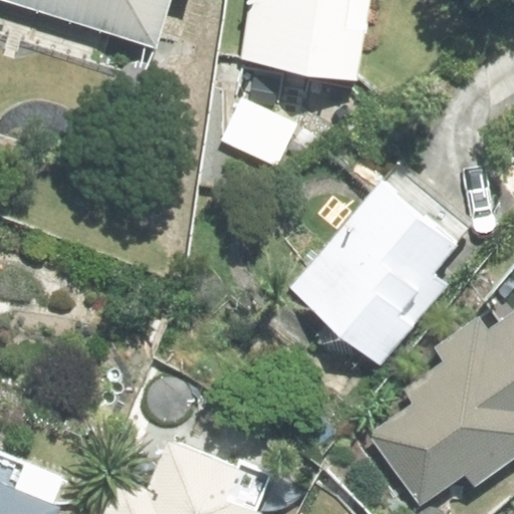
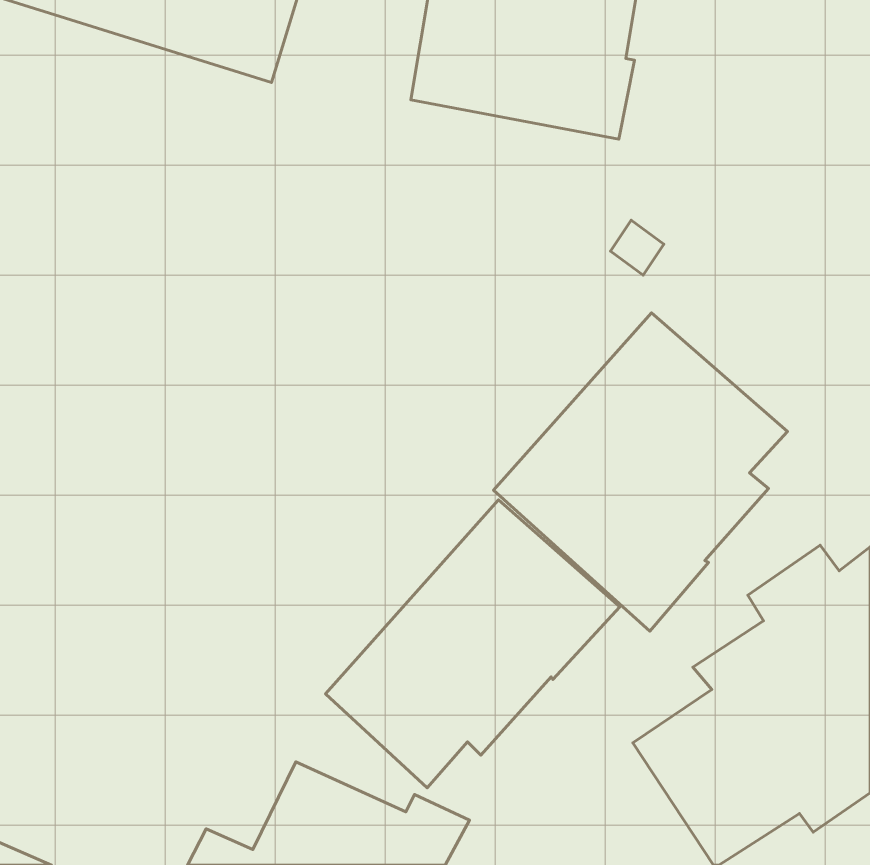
building: none -> [325,500,620,788]

